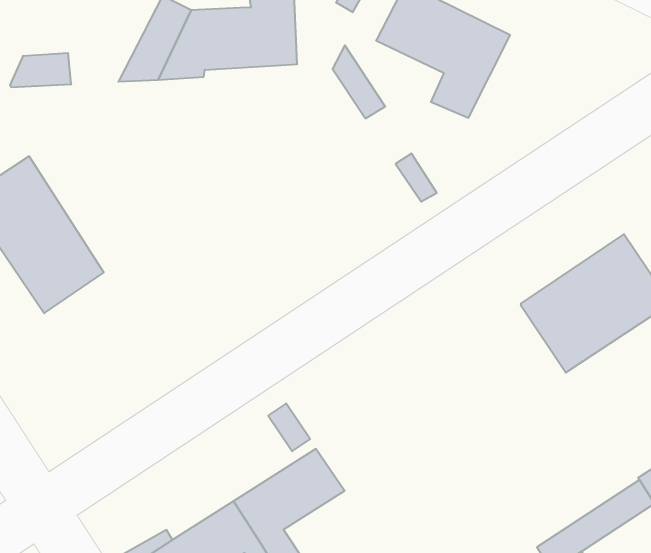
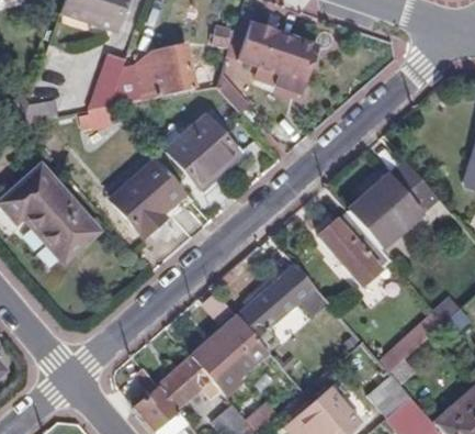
building: none -> [167,114,239,188]
building: none -> [110,159,183,237]
building: none -> [319,213,388,288]
building: none -> [236,267,329,341]

